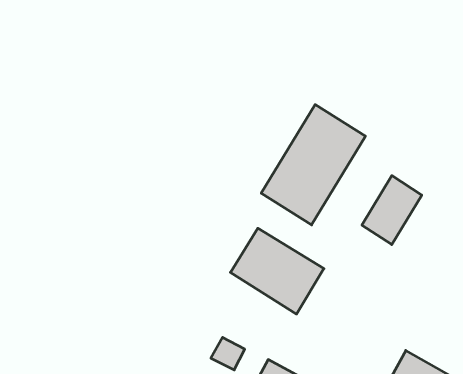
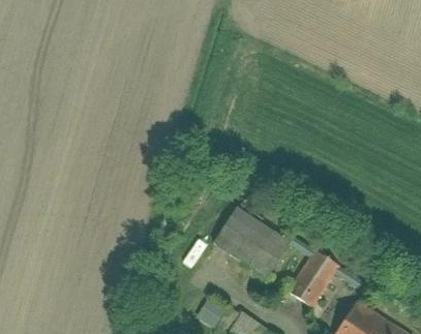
building: [261,105,365,225] -> none
building: [362,176,422,245] -> [291,250,338,305]

